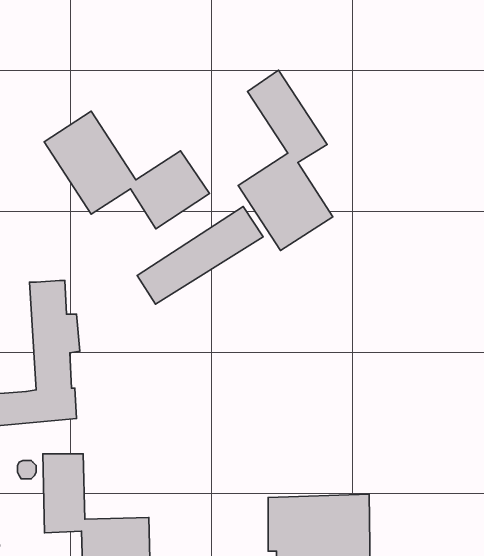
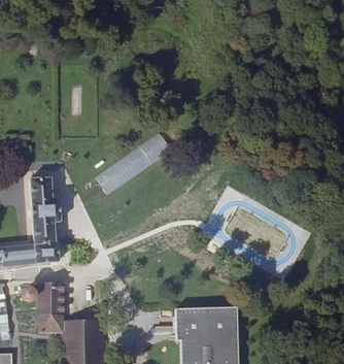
building: [238,70,333,251] -> none
building: [44,111,209,229] -> none

